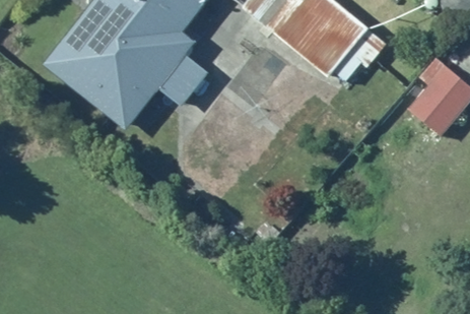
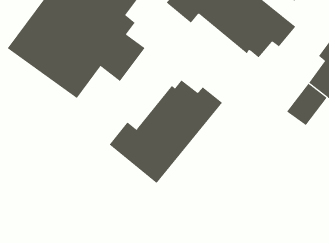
building: none -> [109,79,223,184]

